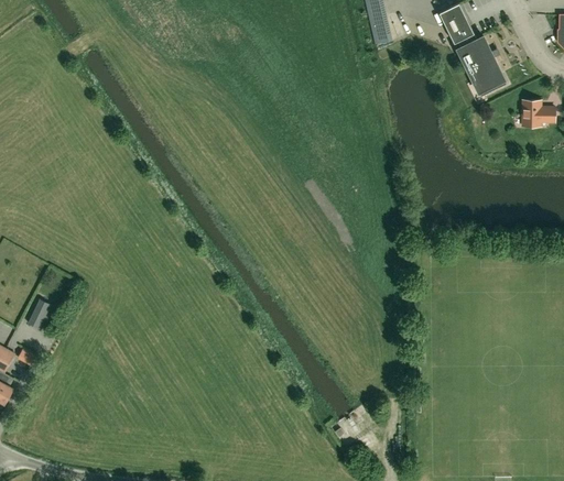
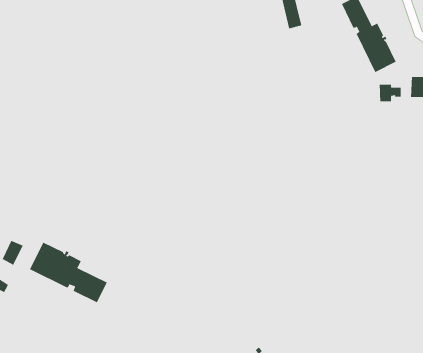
building: none -> [379,84,401,102]
building: none -> [29,242,108,303]

